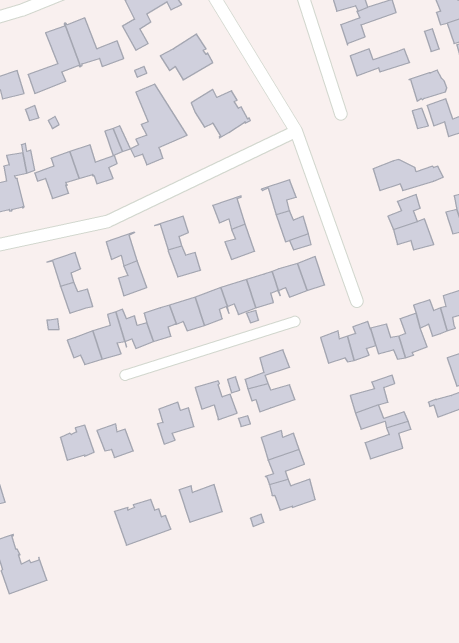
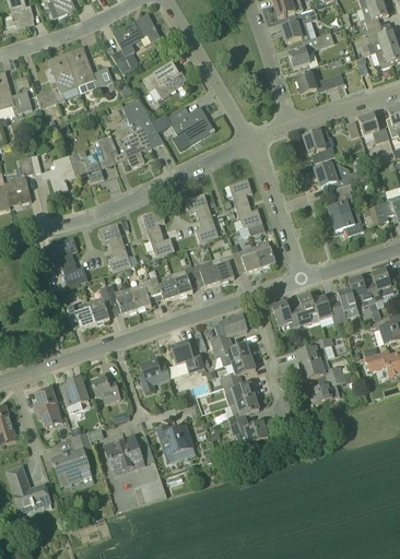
building: [409,70,447,101] -> [303,129,333,154]
building: none -> [221,356,256,386]
building: none -> [35,389,61,426]
building: none -> [51,432,92,486]

